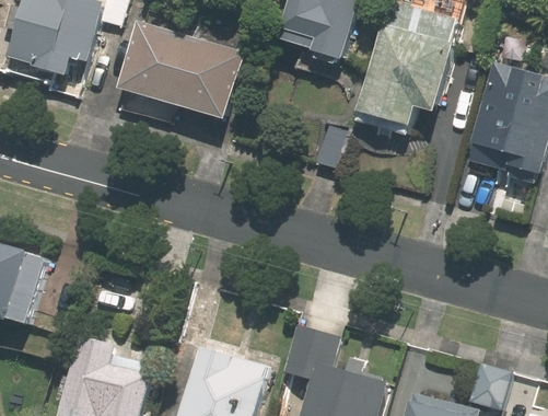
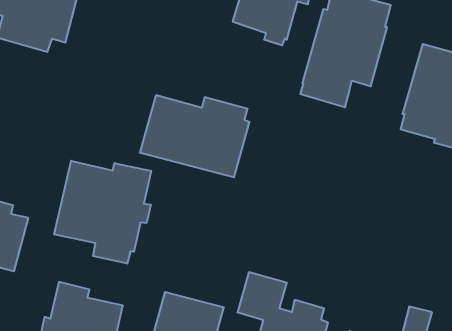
building: [117,22,243,116] -> [140,95,249,177]
building: none -> [54,161,151,264]

